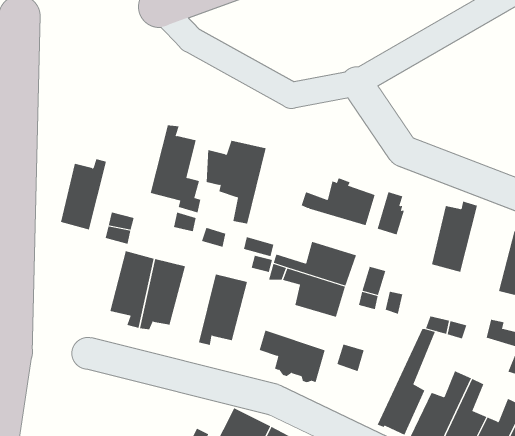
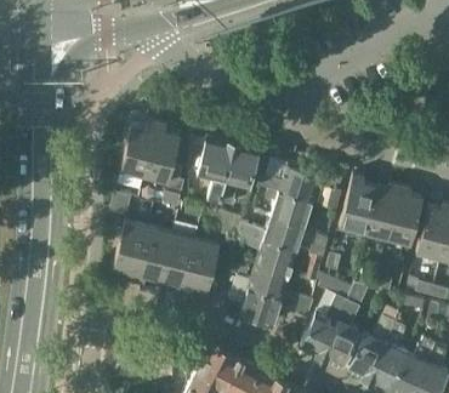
building: none -> [221,143,258,206]
building: [60,159,107,230] -> [121,123,158,178]
building: none -> [340,176,375,234]
building: none -> [387,188,424,246]
building: none -> [266,190,313,227]
building: none -> [160,235,195,295]
building: none -> [234,263,290,301]
building: none -> [300,273,357,359]

